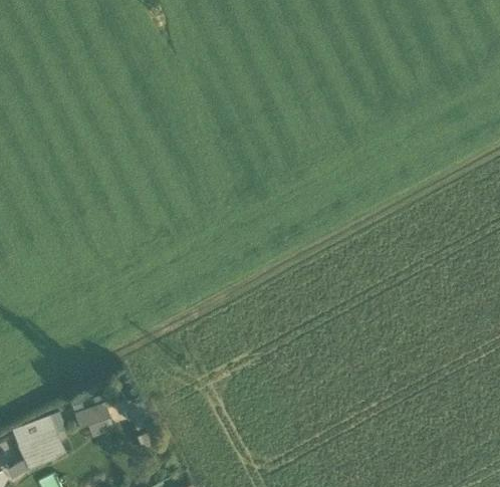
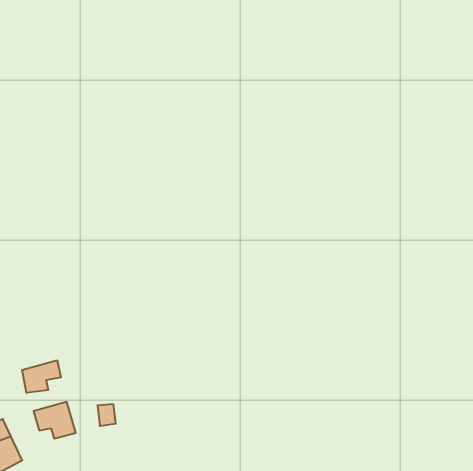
building: none -> [22,360,61,393]

